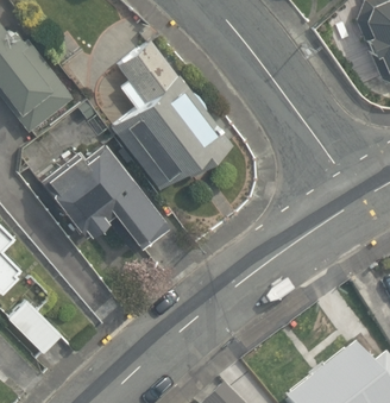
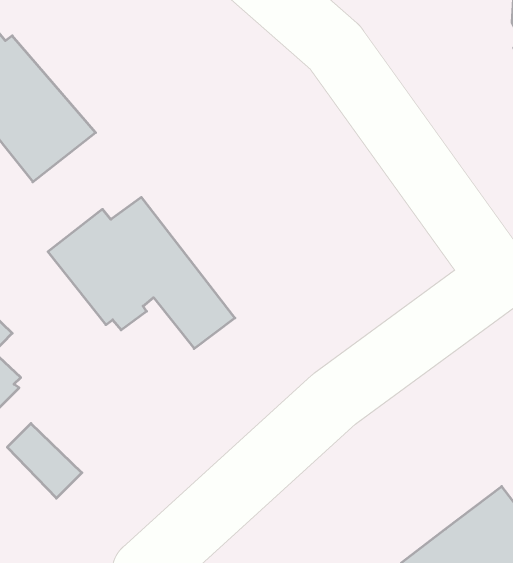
building: [118,40,228,185] -> none

